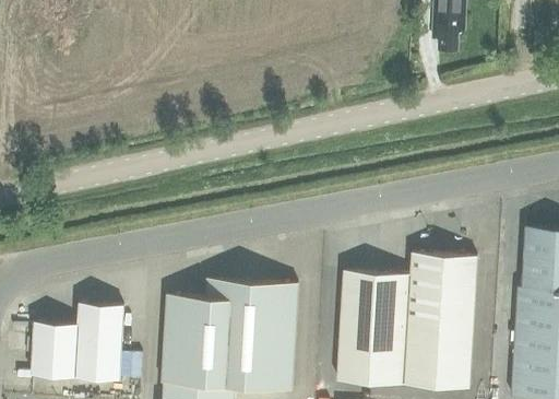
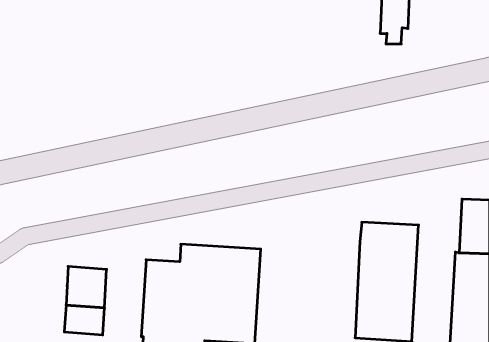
building: [336,272,409,386] -> none
building: [31,324,78,379] -> none

